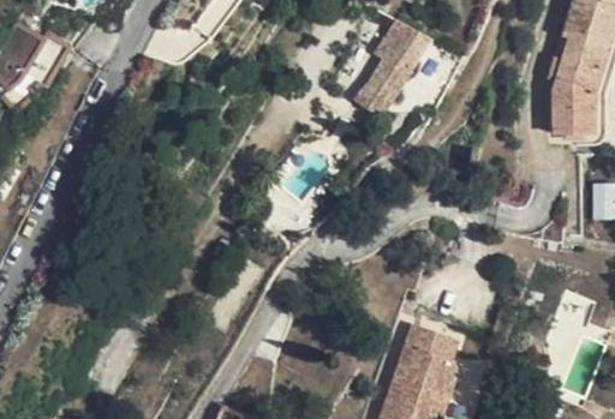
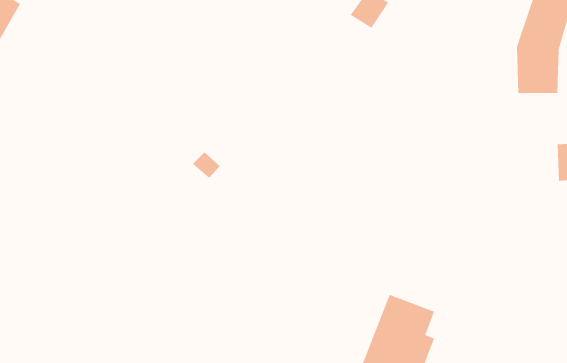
building: [353,54,411,116] -> none

